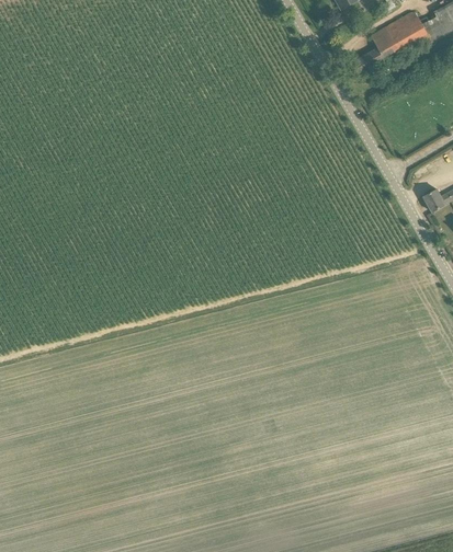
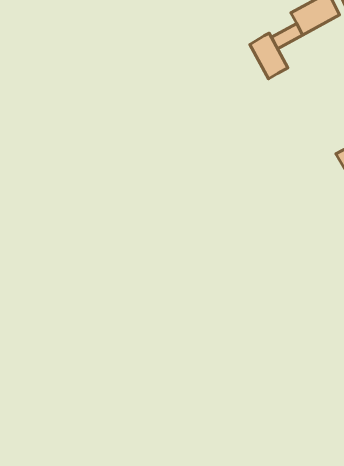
building: none -> [250,33,288,79]

